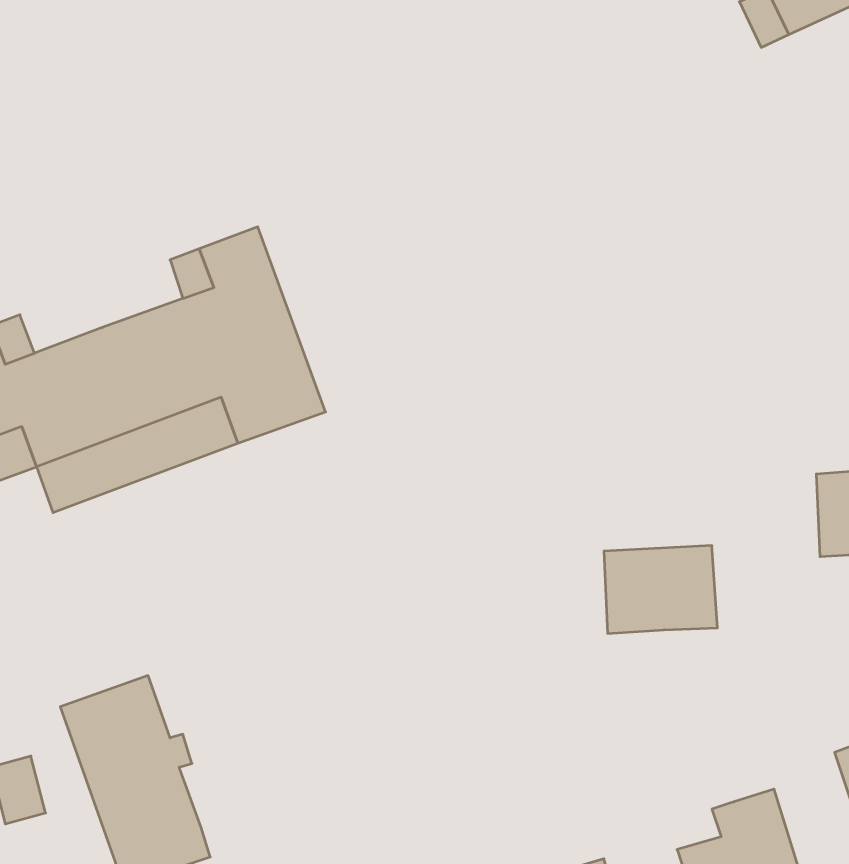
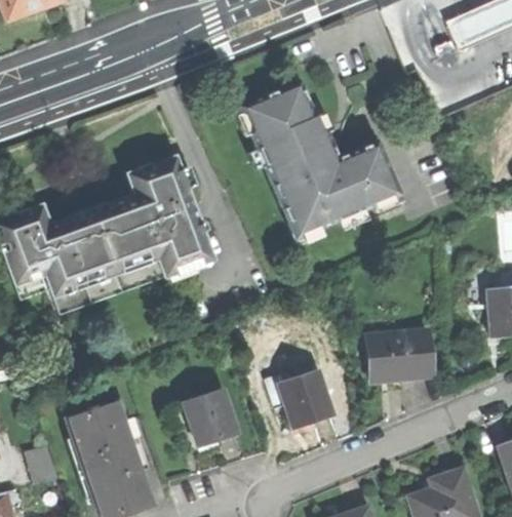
building: none -> [247,83,399,235]
building: none -> [267,371,333,427]
building: none -> [185,389,238,446]

